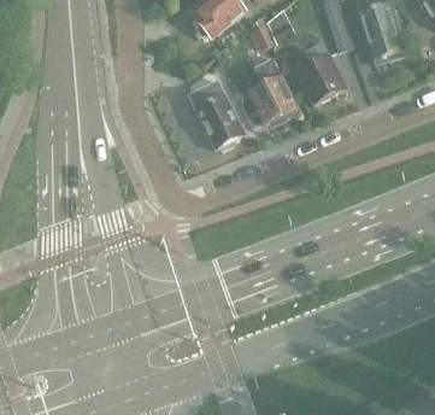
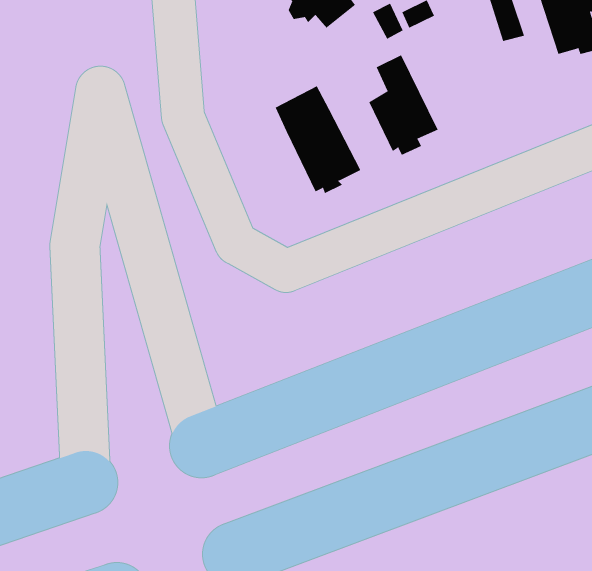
building: [296,43,342,104] -> none

